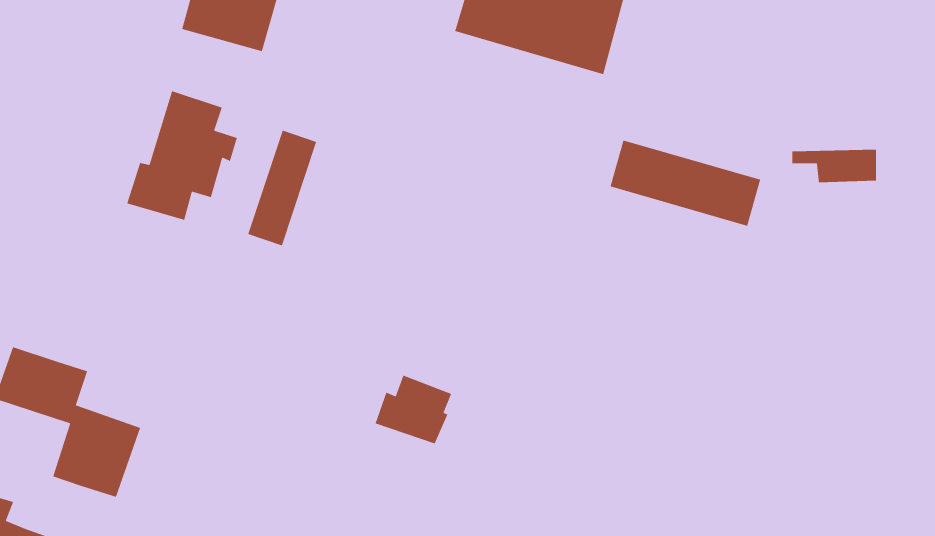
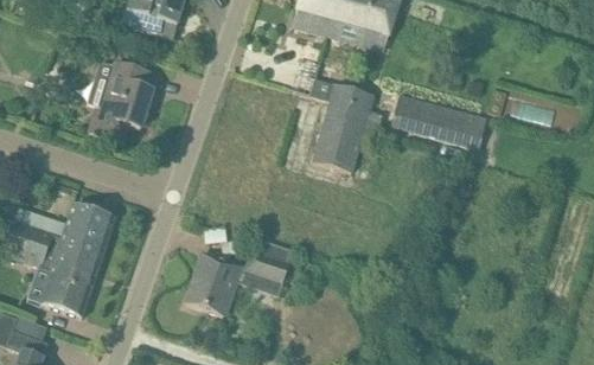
building: none -> [311,78,373,171]
building: [247,130,317,246] -> none
building: none -> [45,203,115,271]
building: none -> [186,254,241,315]

